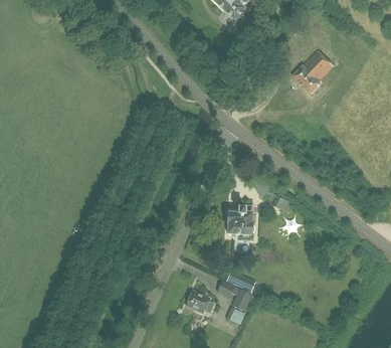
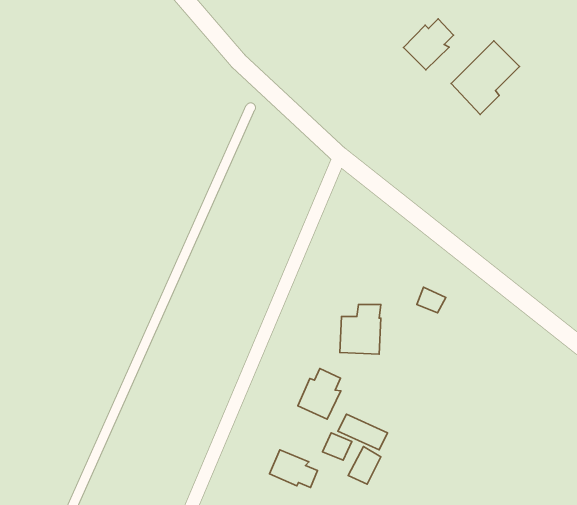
building: none -> [403,19,454,70]
building: none -> [298,368,341,419]

